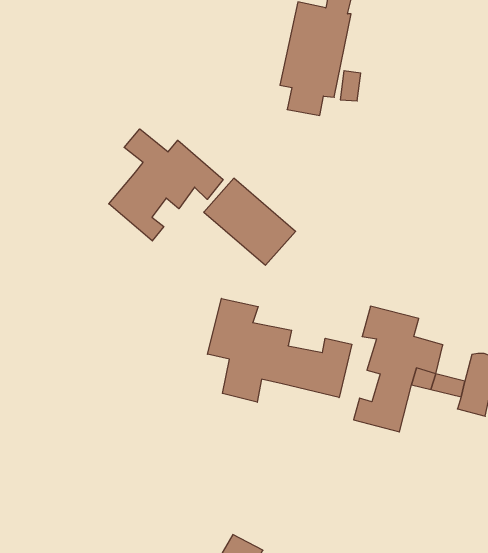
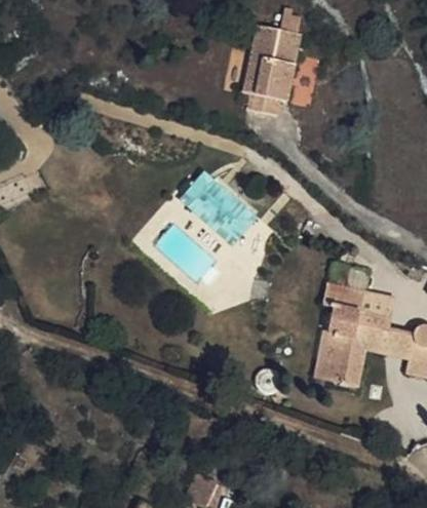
building: [109,129,223,241] -> none
building: [207,298,352,402] -> none

